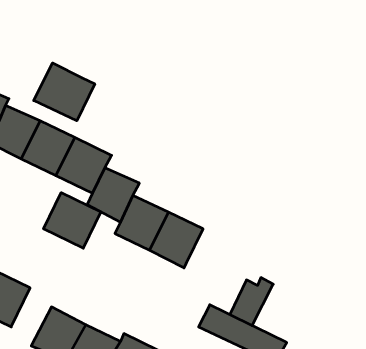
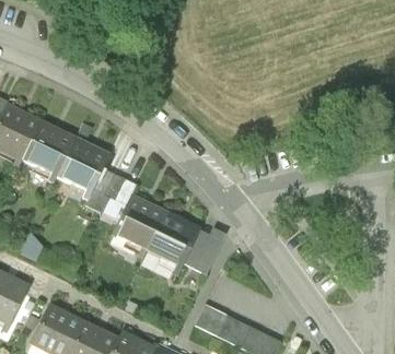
building: [34,63,95,121] -> none
building: [44,193,101,248] -> none
building: [230,278,273,326] -> [184,225,226,272]

